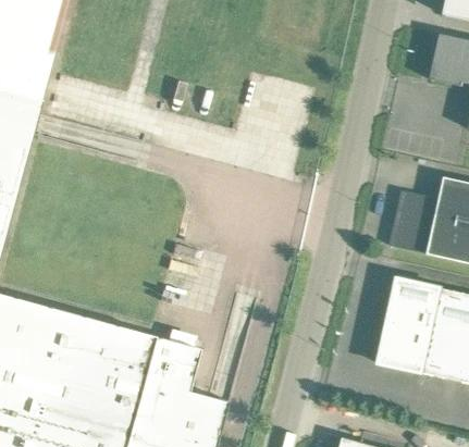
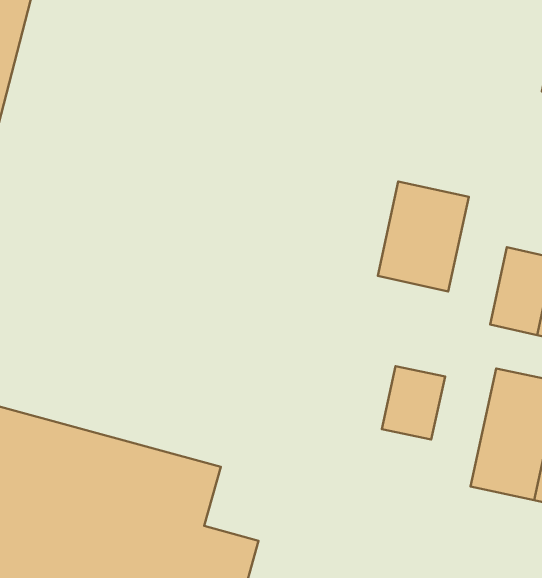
building: none -> [378,181,469,291]
building: none -> [382,366,445,439]

